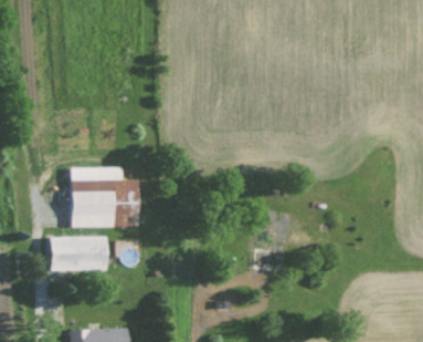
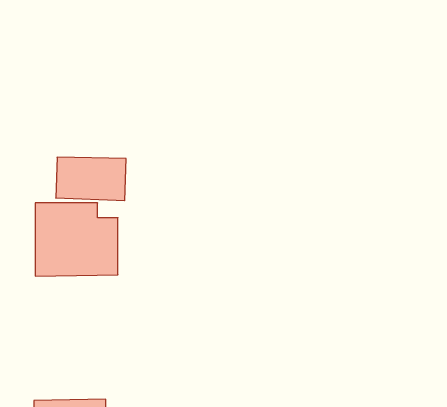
building: [50,236,107,271] -> [56,157,126,201]

